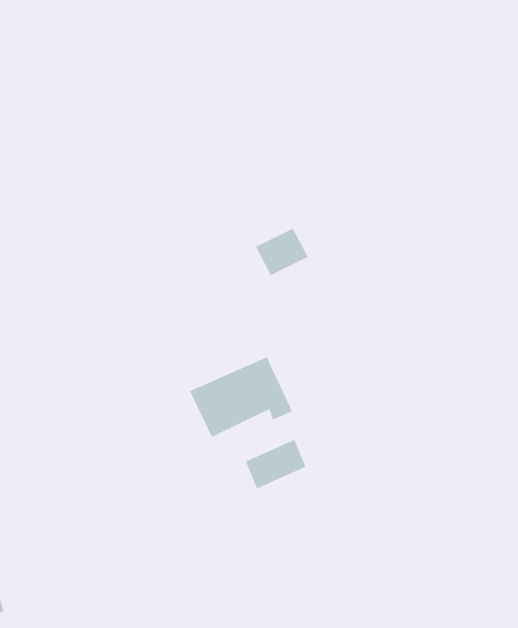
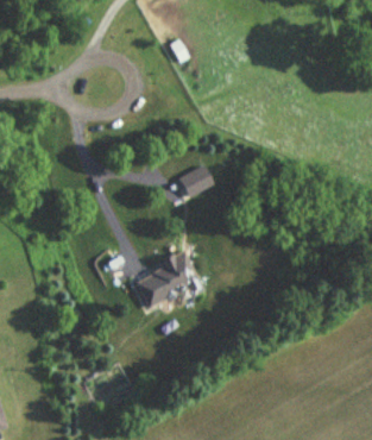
building: [245,439,307,490] -> none

